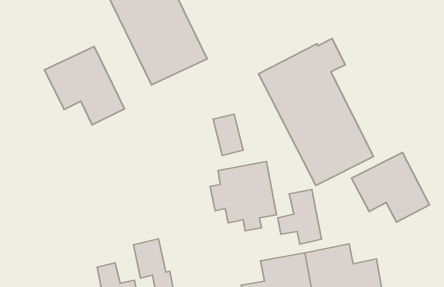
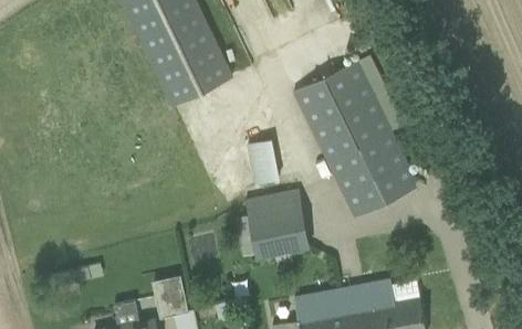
building: [45,46,124,125] -> none
building: [351,152,430,222] -> none
building: [278,189,321,244] -> none

